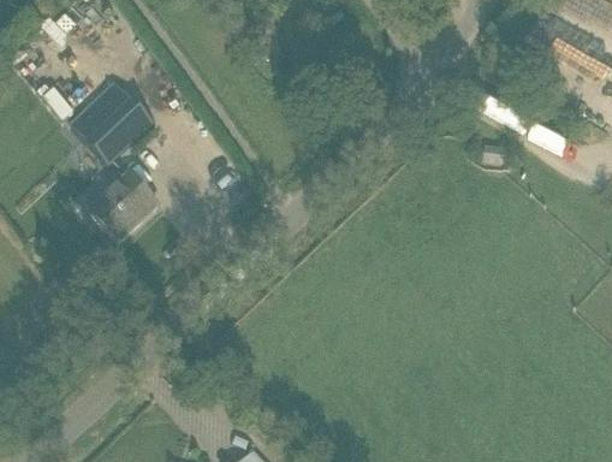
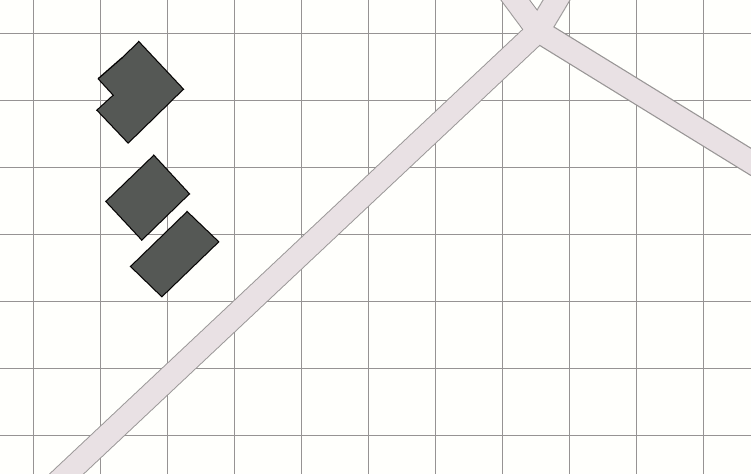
building: none -> [130,211,219,297]

